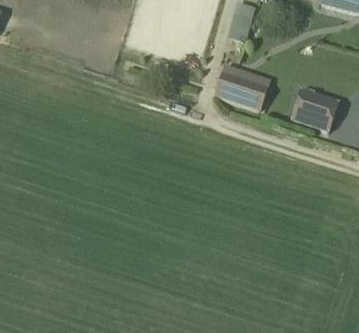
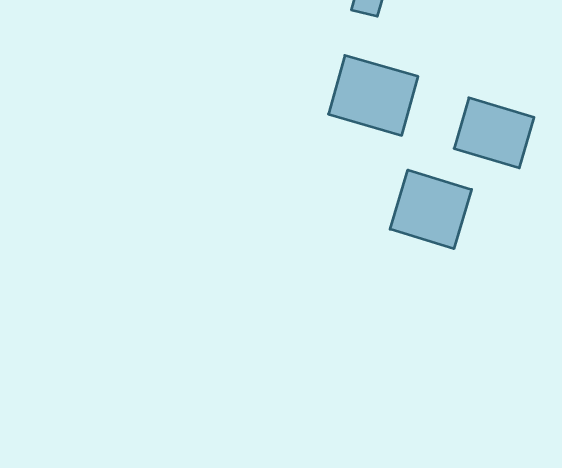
building: none -> [390,170,472,249]

